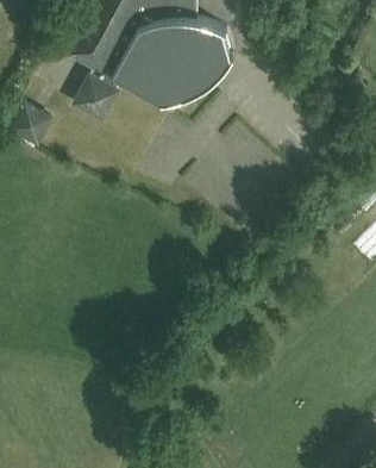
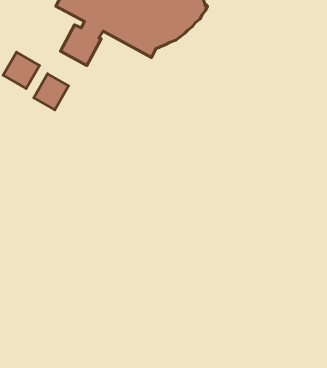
building: none -> [34,74,69,110]

